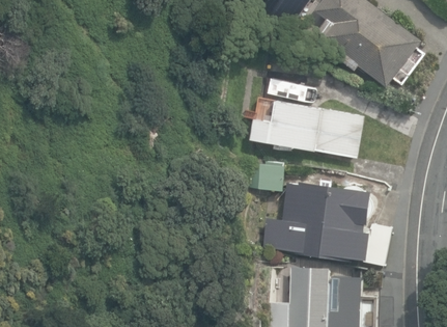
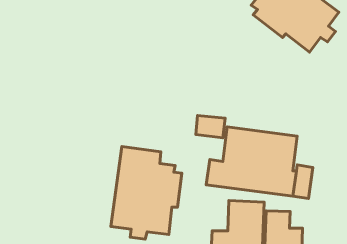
building: [251,100,365,159] -> none
building: none -> [111,147,182,239]

